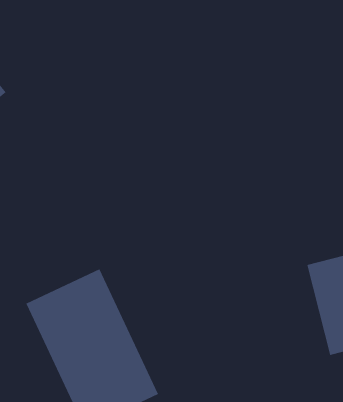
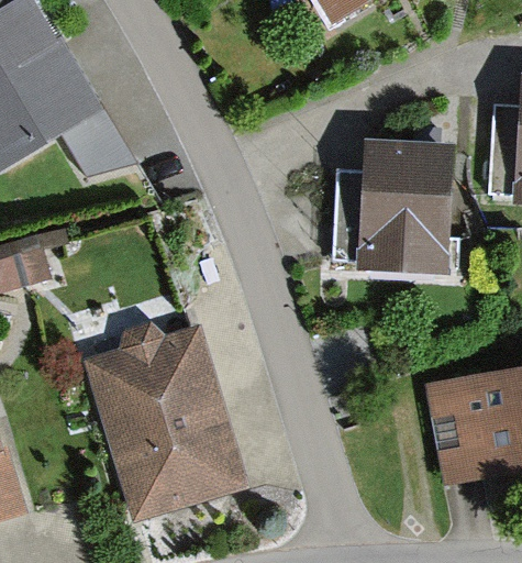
building: none -> [359,132,456,267]

